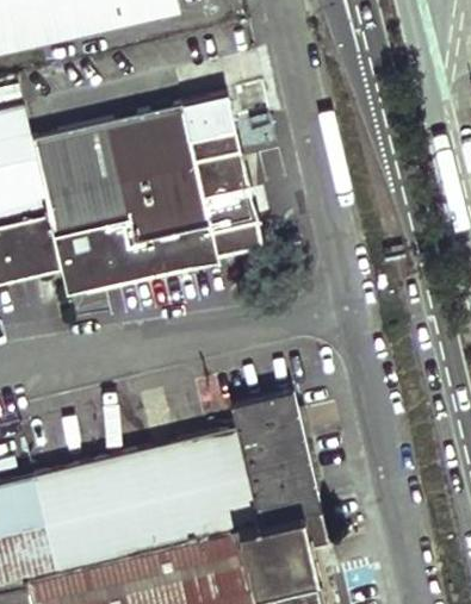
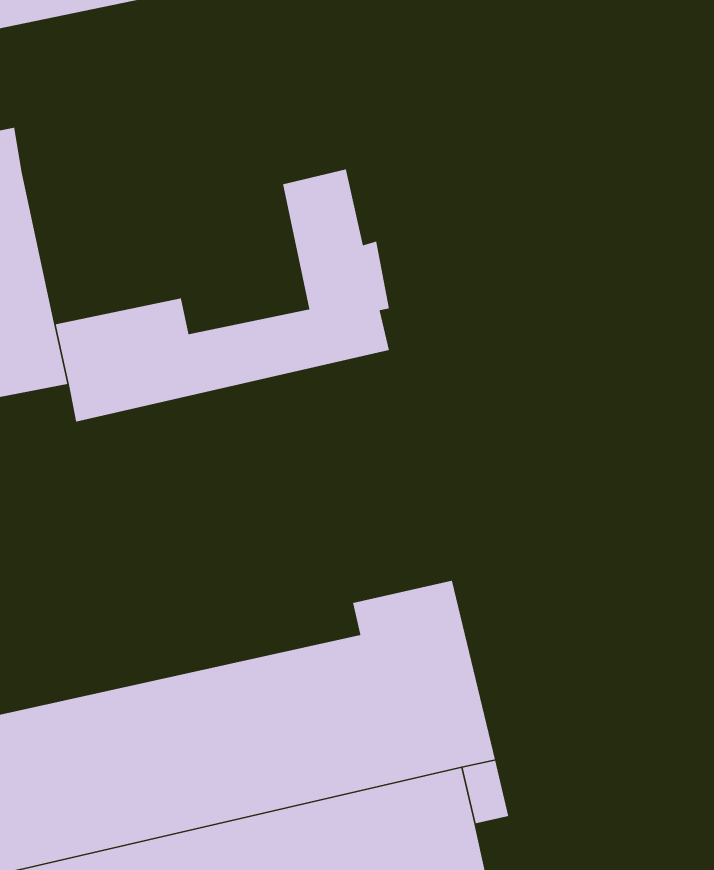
building: [29,96,233,239] -> none

